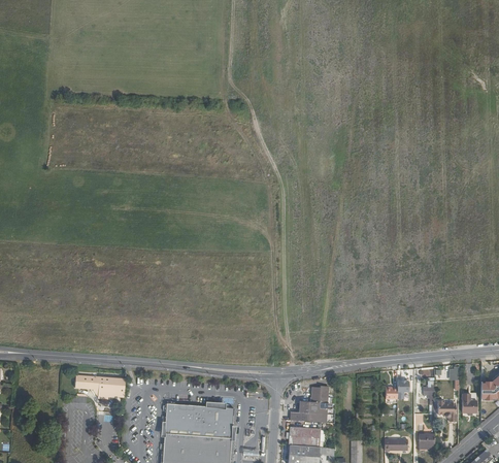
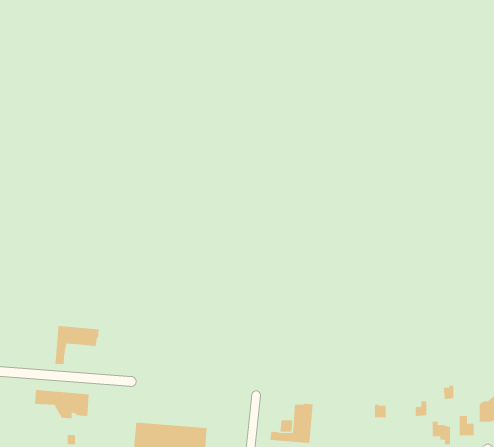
building: none -> [55,325,99,365]

